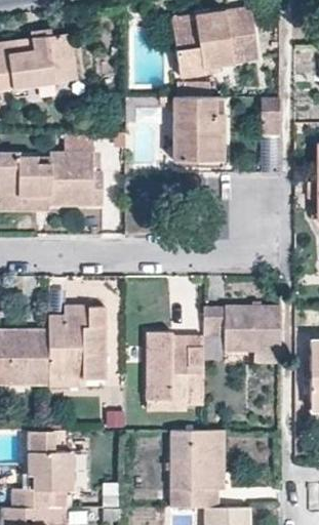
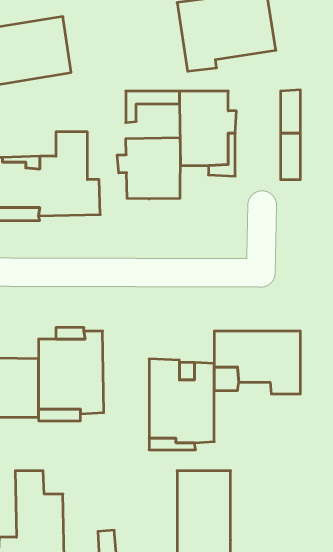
building: none -> [117,138,180,199]

